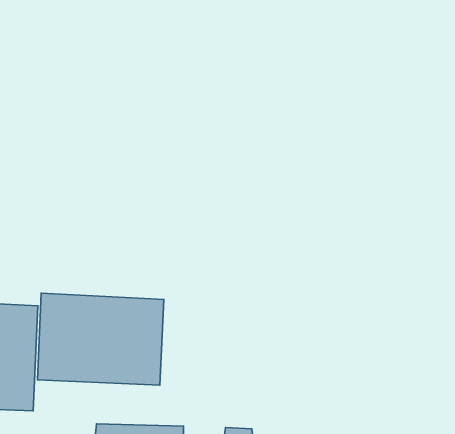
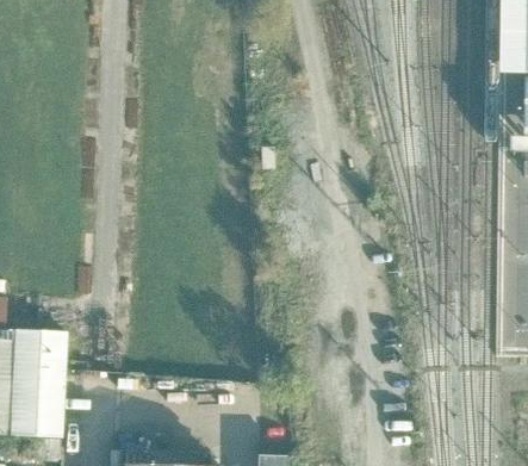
building: [37,293,164,385] -> none

